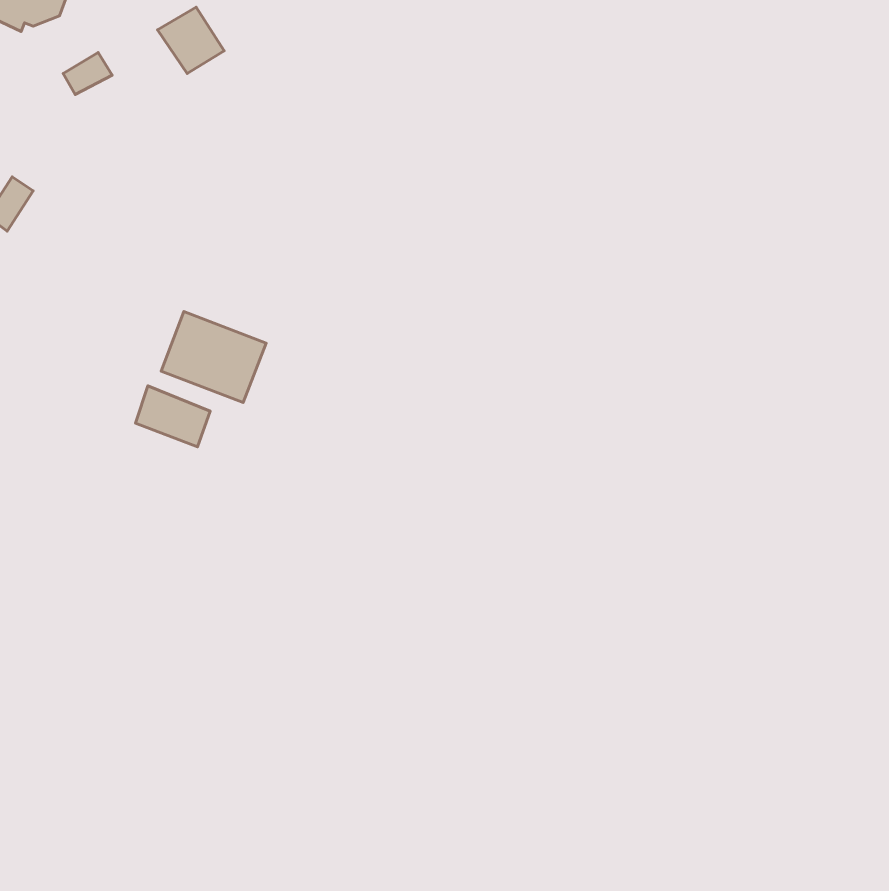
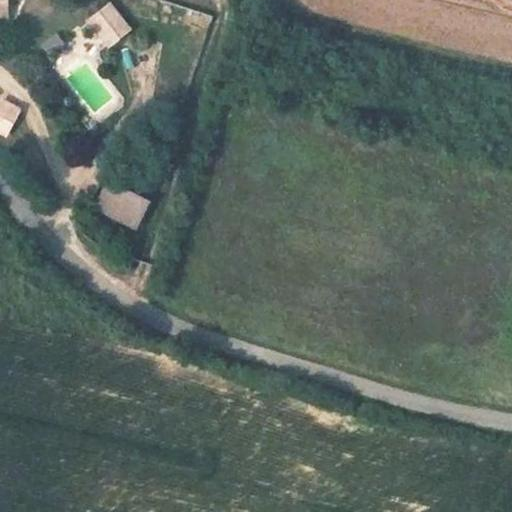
building: [136,386,210,447] -> none

